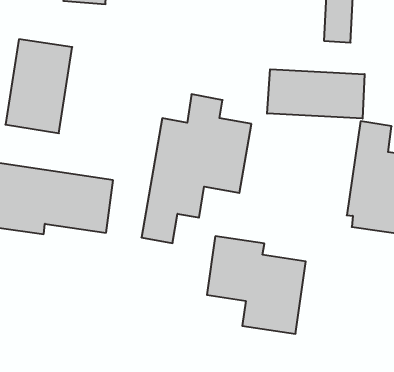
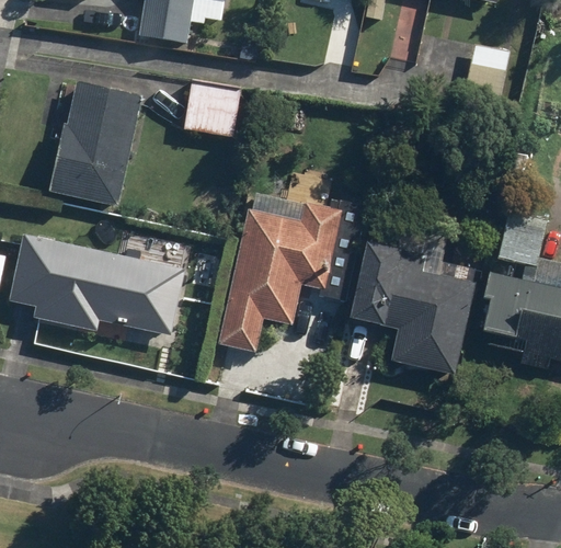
building: none -> [182,82,239,137]
building: [267,69,365,119] -> none
building: [207,236,306,334] -> [346,246,476,377]

